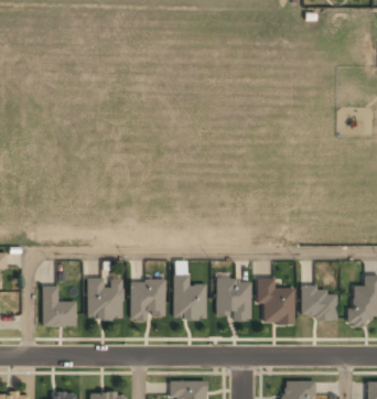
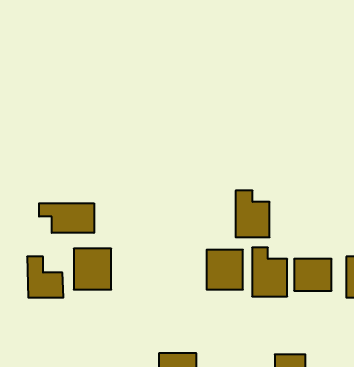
building: none -> [39,203,94,233]
building: [173,274,206,320] -> [236,191,270,237]
building: [131,280,165,319] -> none

